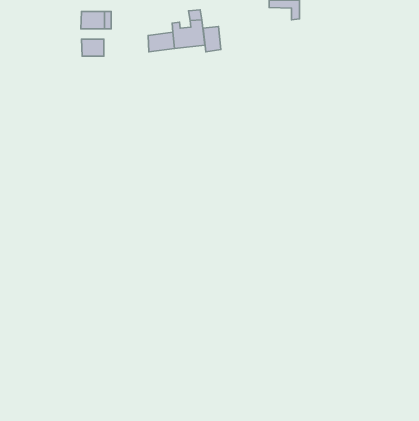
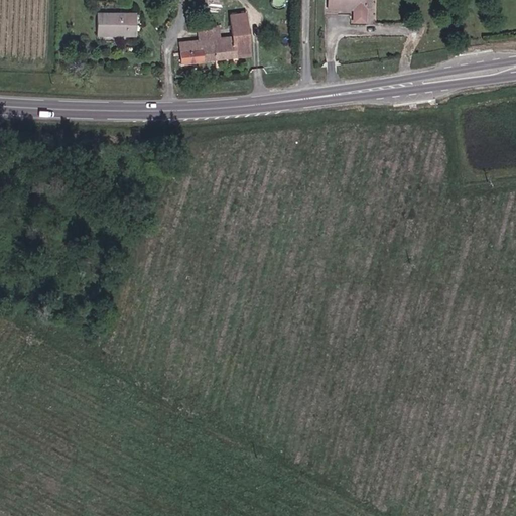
building: [203,27,221,52] -> none
building: [81,39,104,56] -> none

